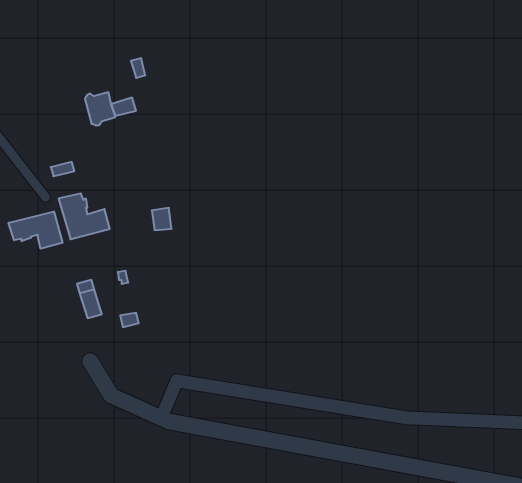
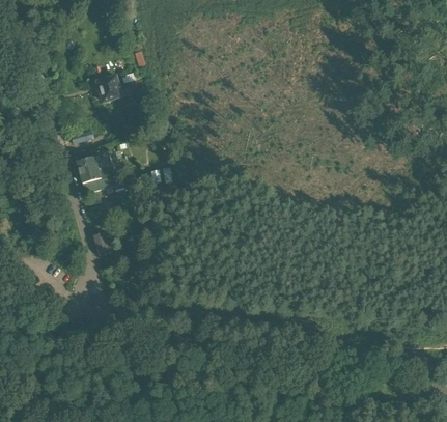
building: [9,211,62,249] -> none

